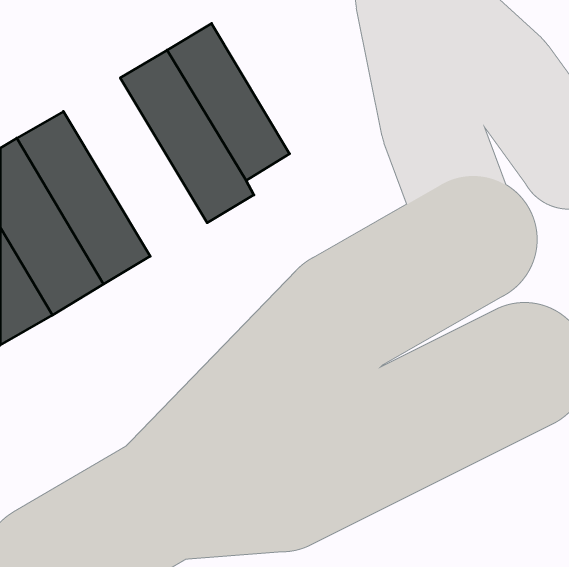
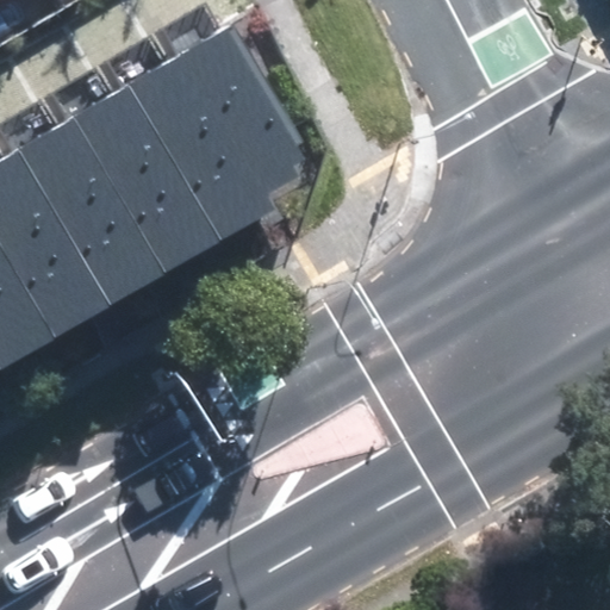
building: none -> [68,83,222,274]

